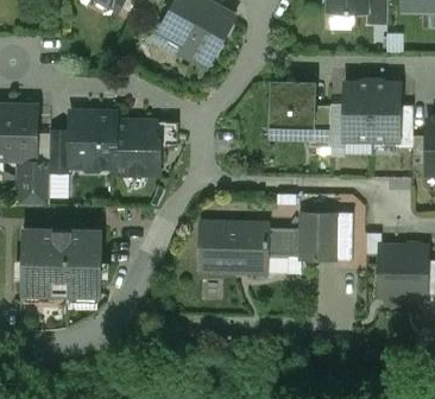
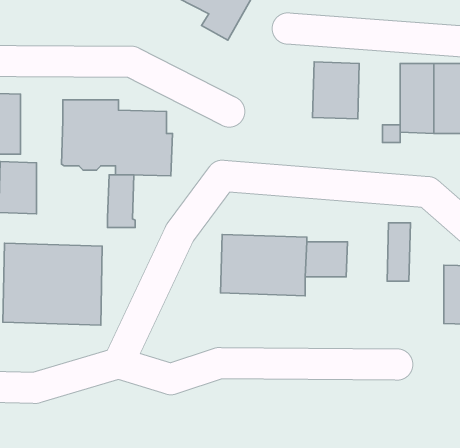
building: [49,129,71,172] -> [108,175,135,228]
building: [301,211,335,260] -> none

